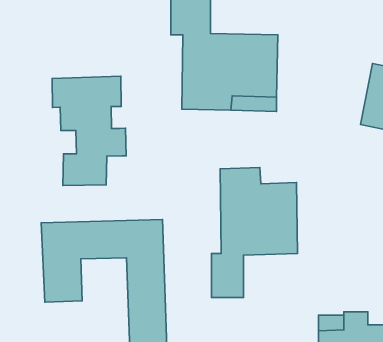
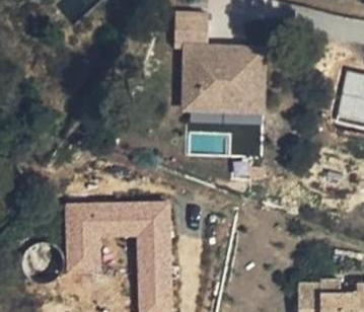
building: [52,76,126,186] -> none
building: [212,168,297,297] -> none

